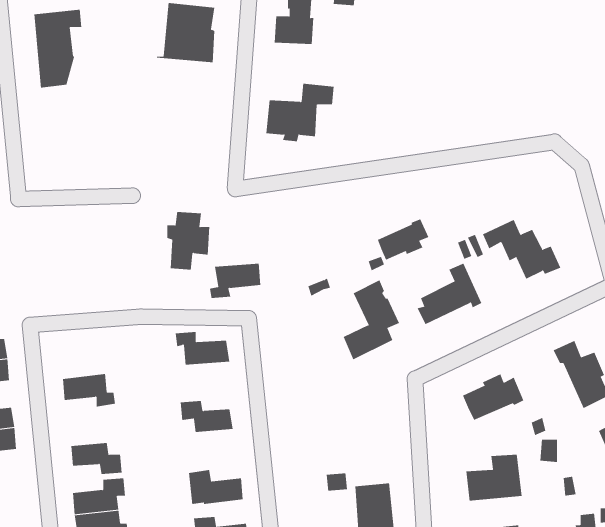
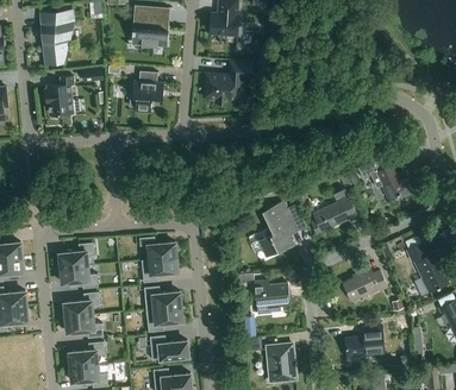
building: none -> [44,76,79,115]
building: [166,211,210,270] -> [132,71,163,113]
building: [377,218,429,260] -> none
building: [209,263,261,299] -> [143,259,180,284]
building: none -> [58,245,95,271]
building: none -> [254,282,289,307]
building: none -> [63,292,100,319]
building: none -> [146,307,182,333]

